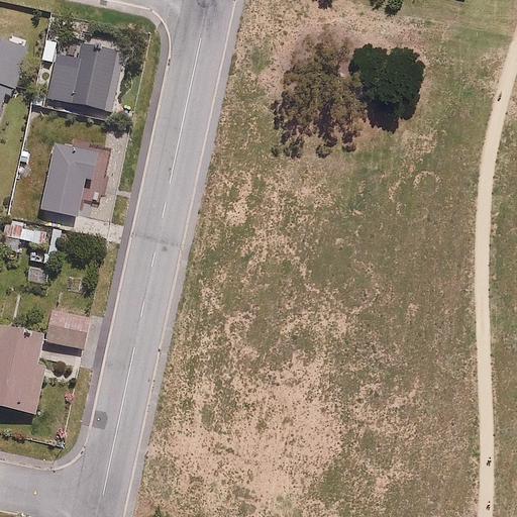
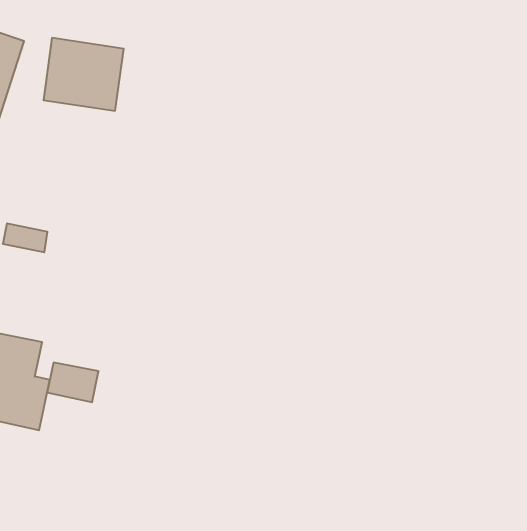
building: [41,142,98,216] -> none
building: [40,311,89,348] -> [47,363,99,402]

